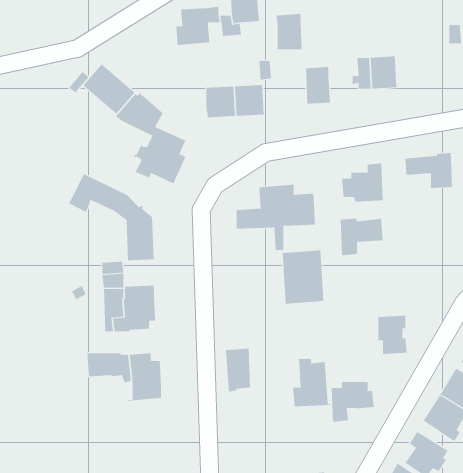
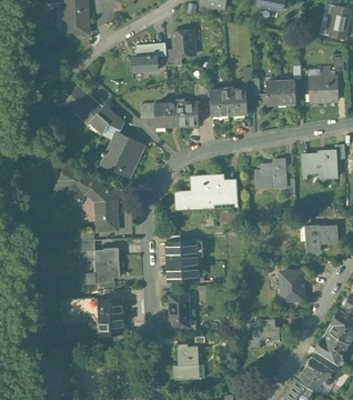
building: [275,14,303,50] -> [210,89,230,116]
building: none -> [309,74,339,103]
building: [340,218,383,256] -> [306,226,339,253]
building: [282,250,324,304] -> [168,241,199,281]
building: [292,359,331,407] -> [173,344,202,380]

